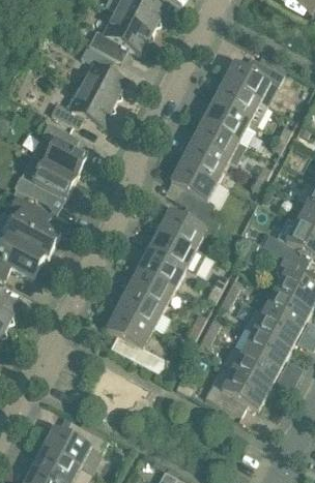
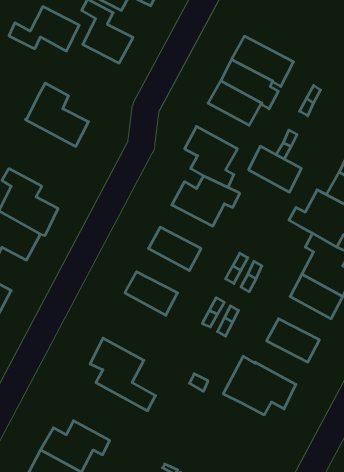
building: [223,57,283,105] -> none
building: [50,90,112,129] -> [9,7,79,51]
building: [180,142,227,182] -> [249,146,301,192]
building: [12,156,74,202] -> none
building: [148,232,195,270] -> none
building: [127,270,174,309] -> none
building: [106,309,164,373] -> [90,338,156,411]
building: [253,312,299,351] -> none
building: [232,352,279,390] -> none

